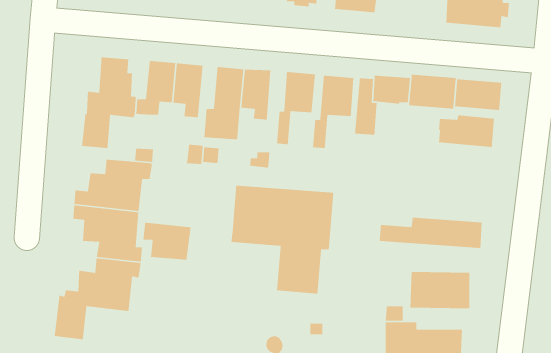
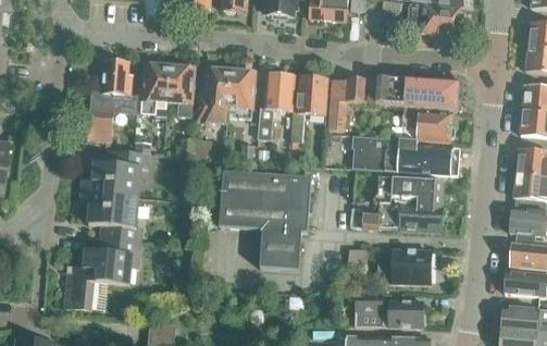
building: none -> [352,137,458,174]
building: none -> [377,175,440,206]
building: [143,222,192,260] -> none

